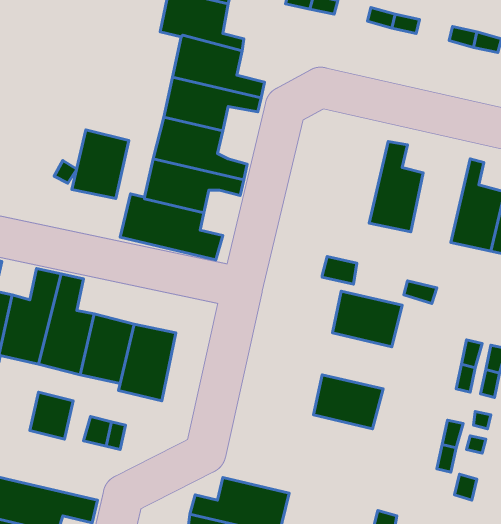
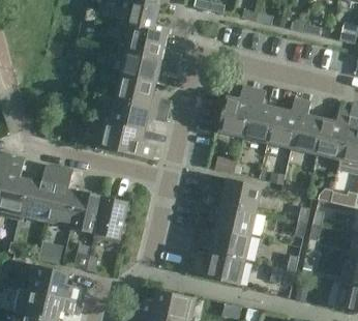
building: [72,130,129,198] -> none
building: none -> [218,86,255,138]
building: none -> [268,98,303,149]
building: none -> [215,203,257,236]
building: none -> [204,252,245,285]
building: none -> [28,264,85,302]

